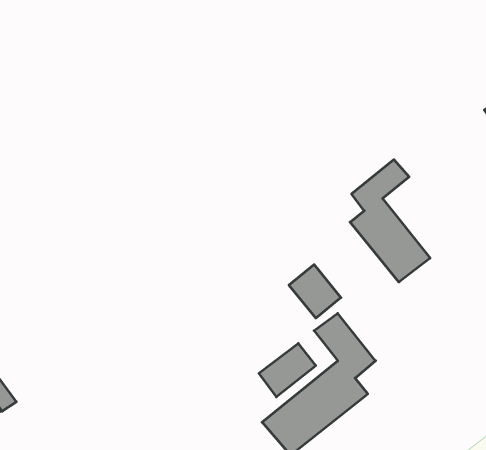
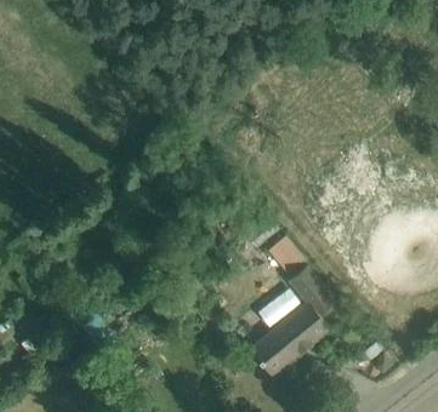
building: [350,160,430,282] -> none

